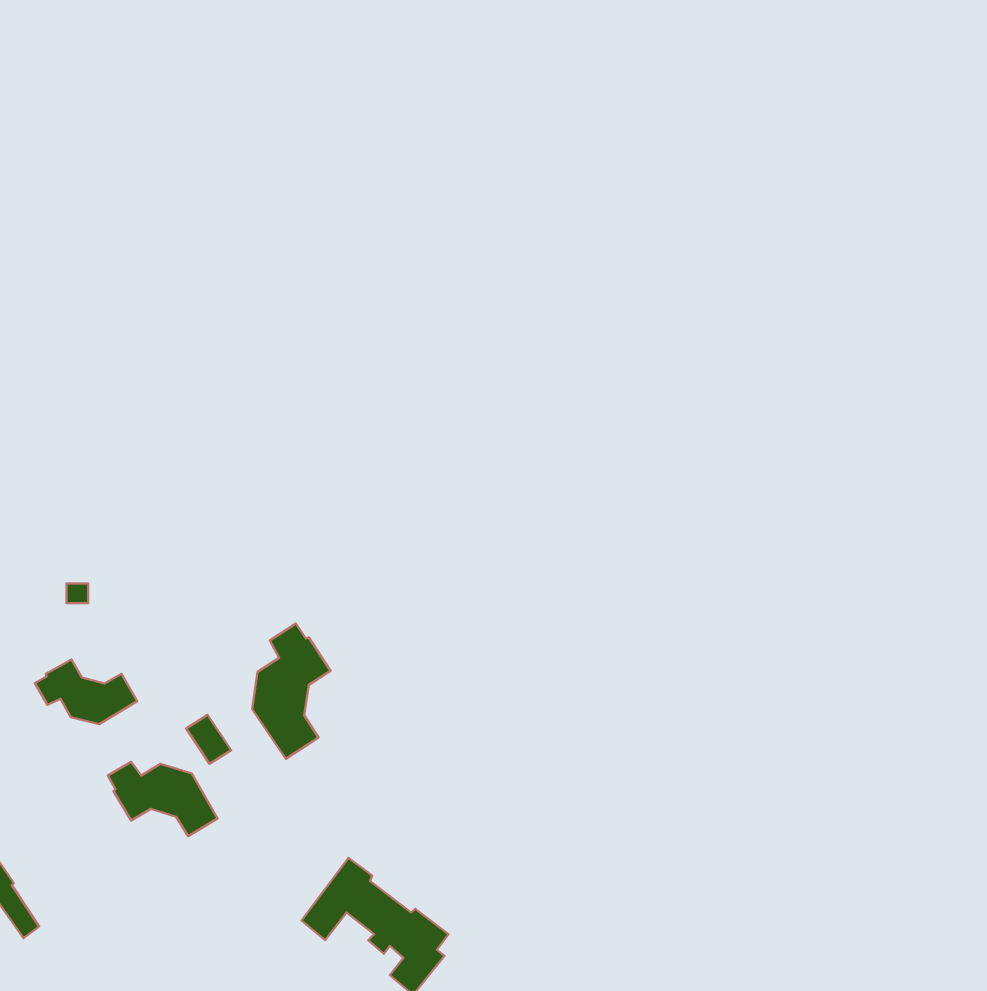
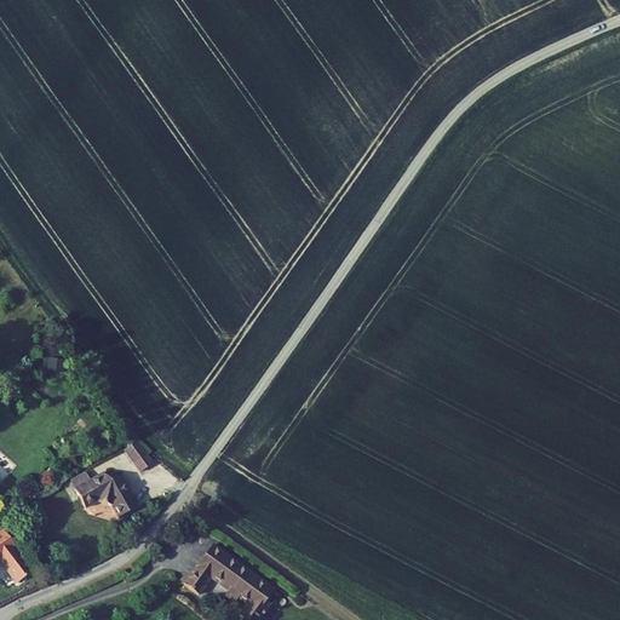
building: [252,623,331,759] -> none
building: [35,659,137,724] -> none

